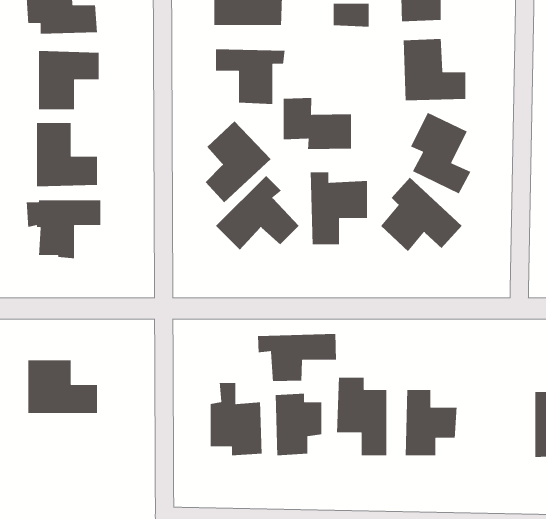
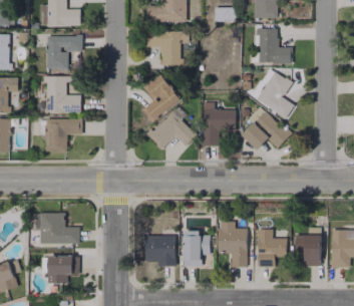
building: [283,97,352,150] -> none
building: [257,333,337,382] -> none
building: none -> [295,235,321,264]
building: none -> [42,254,80,283]

